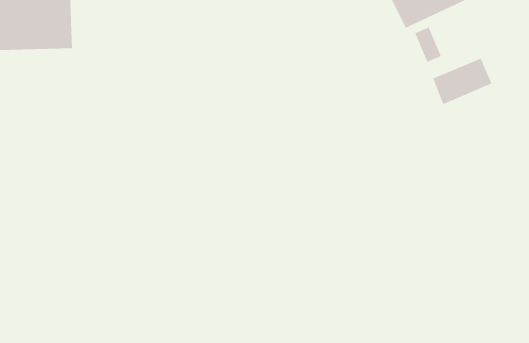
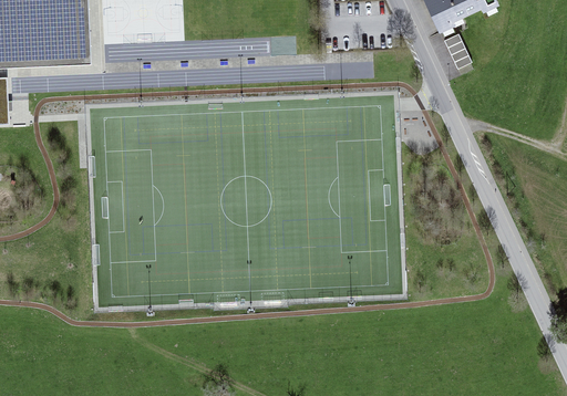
building: [432,57,492,105] -> none

